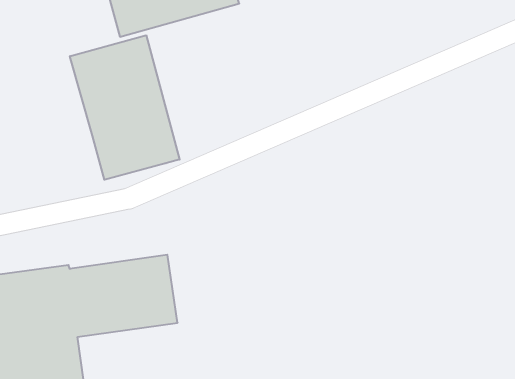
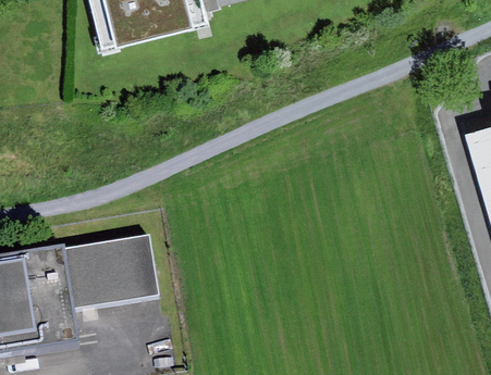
building: [70,35,180,180] -> none

